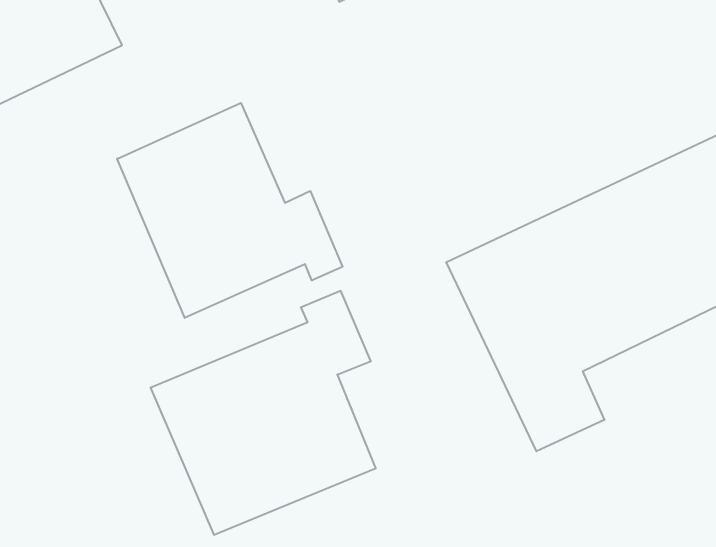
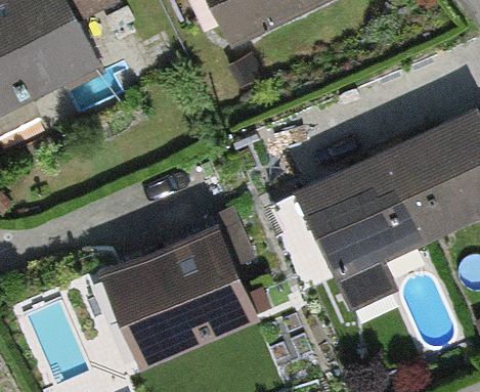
building: [117,103,343,318] -> none

